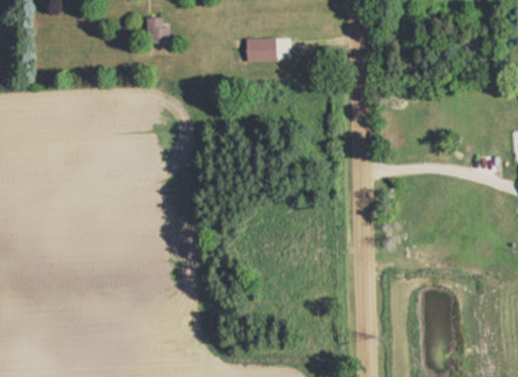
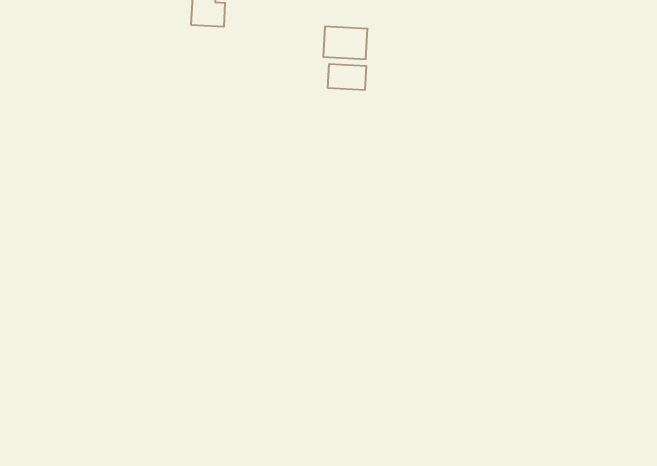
building: none -> [328,64,366,90]

